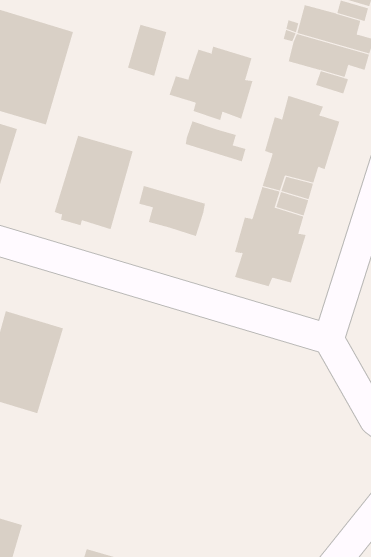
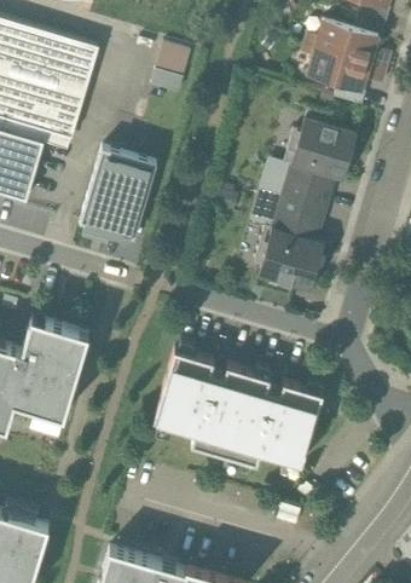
building: [169,46,253,121] -> none
building: [185,121,246,162] -> none
building: [138,185,205,237] -> none
building: none -> [152,351,323,466]

